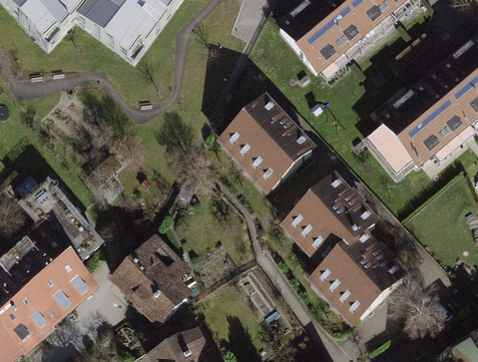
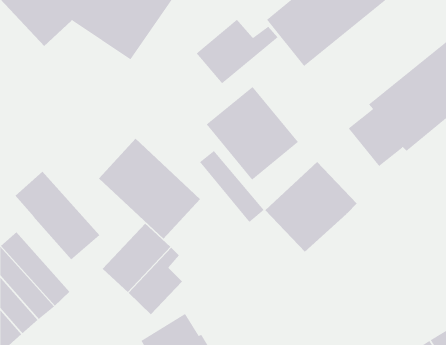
building: none -> [196,19,278,84]
building: none -> [98,138,201,240]
building: none -> [199,150,264,223]
building: [309,225,406,320] -> none
building: [19,228,92,306] -> none

